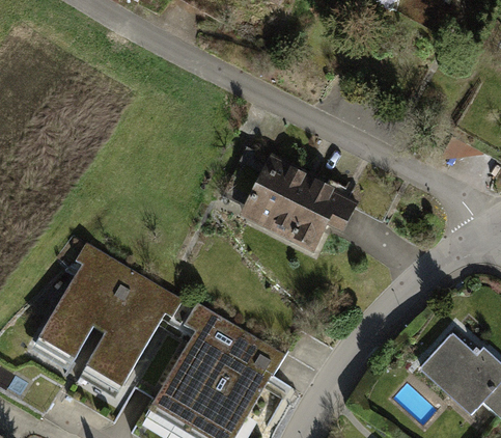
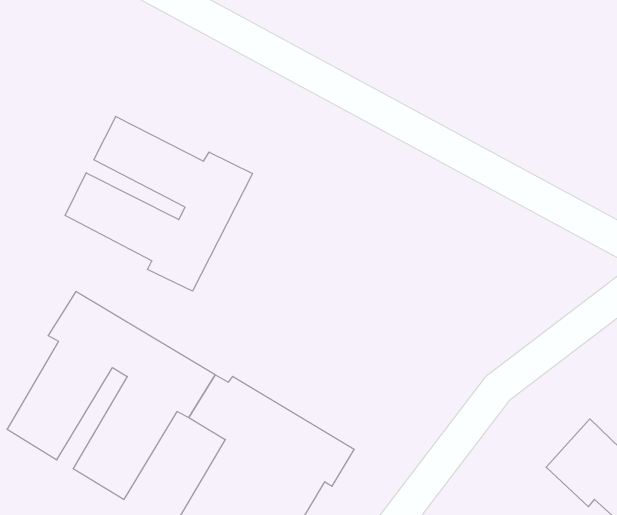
building: none -> [65,116,252,291]
building: [229,152,353,250] -> none

